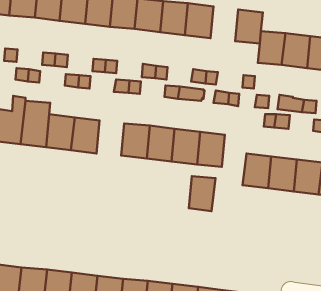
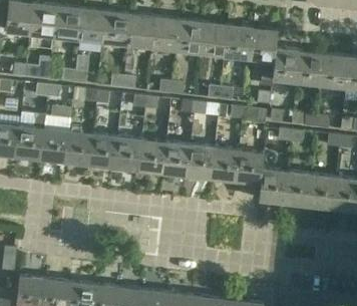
building: none -> [227,24,254,58]
building: none -> [115,135,142,170]
building: [189,176,216,211] -> [238,149,264,184]

